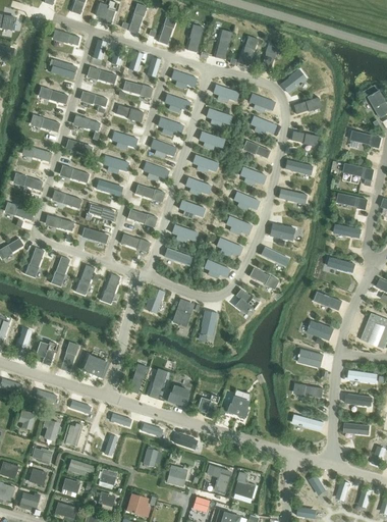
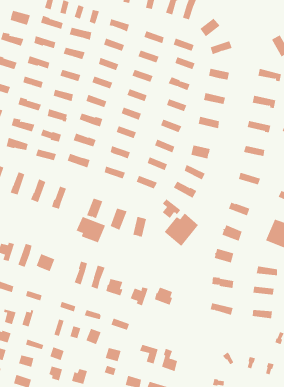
building: none -> [164,213,199,247]
building: none -> [76,216,106,243]

